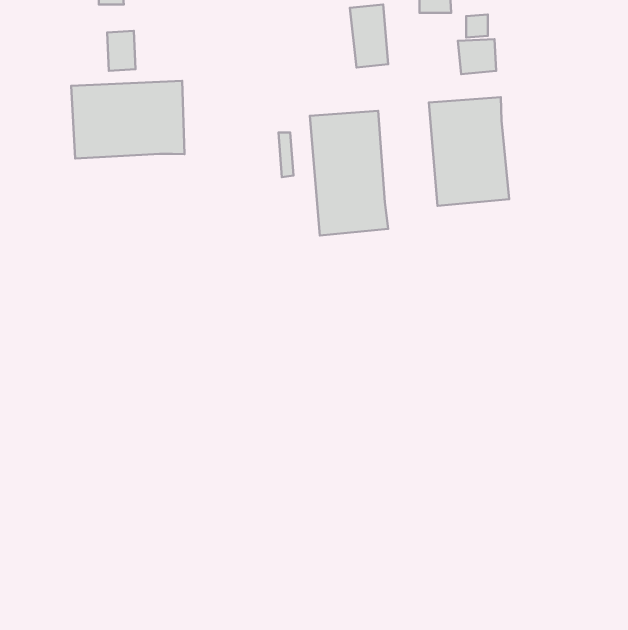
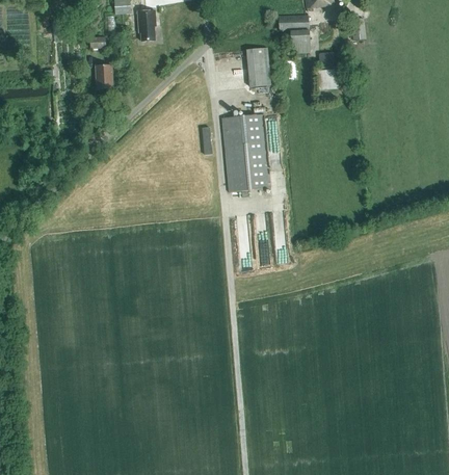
building: [71,81,184,159] -> none
building: [429,97,509,206] -> none

